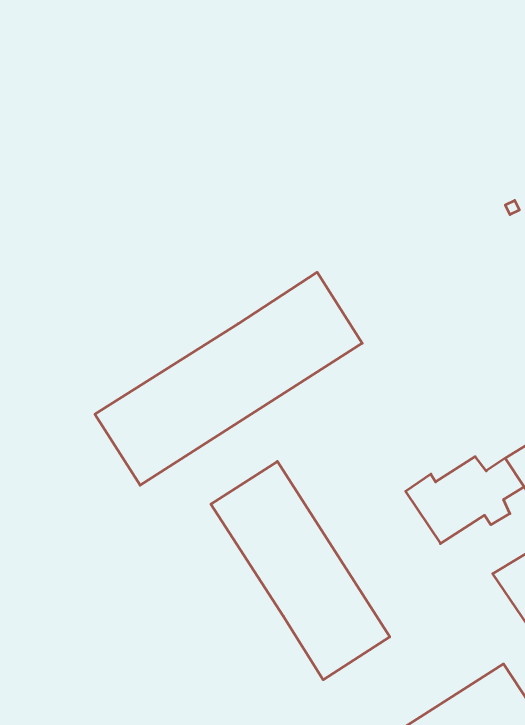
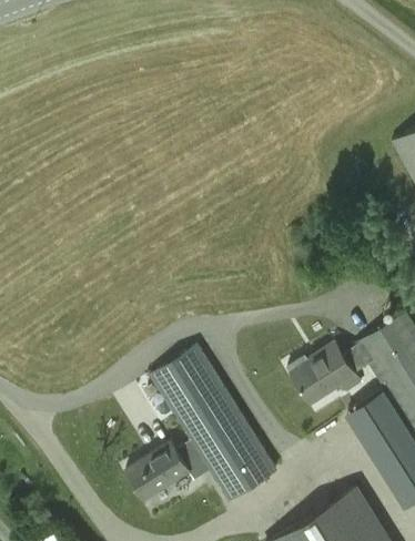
building: [95,272,362,485] -> none
building: none -> [128,441,202,500]

